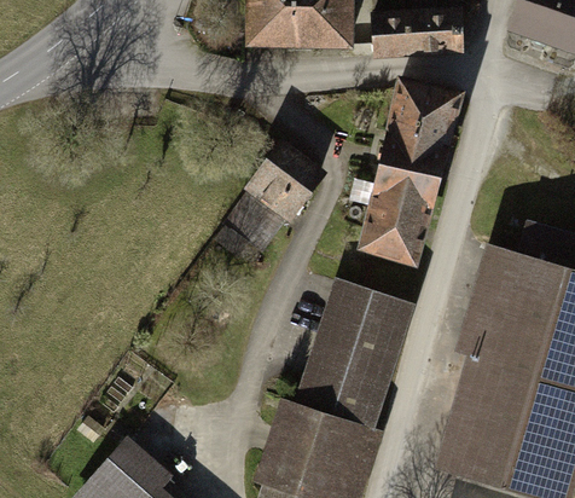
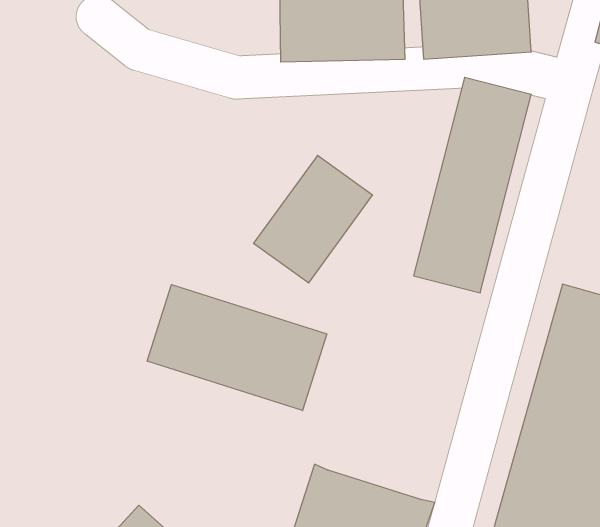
building: none -> [147,285,327,411]
building: [290,280,410,432] -> none

